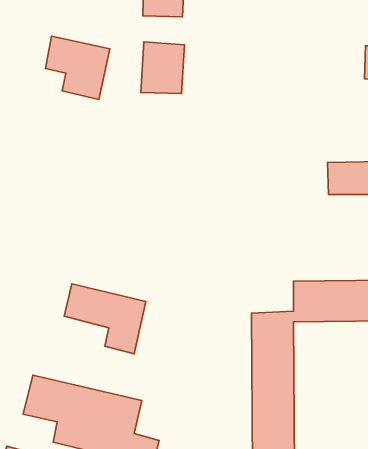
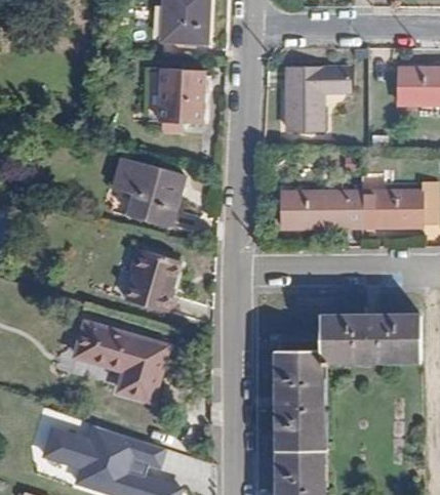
building: [46,36,110,99] -> [117,158,185,224]
building: none -> [285,69,348,129]
building: none -> [277,193,358,229]
building: none -> [125,246,177,297]

